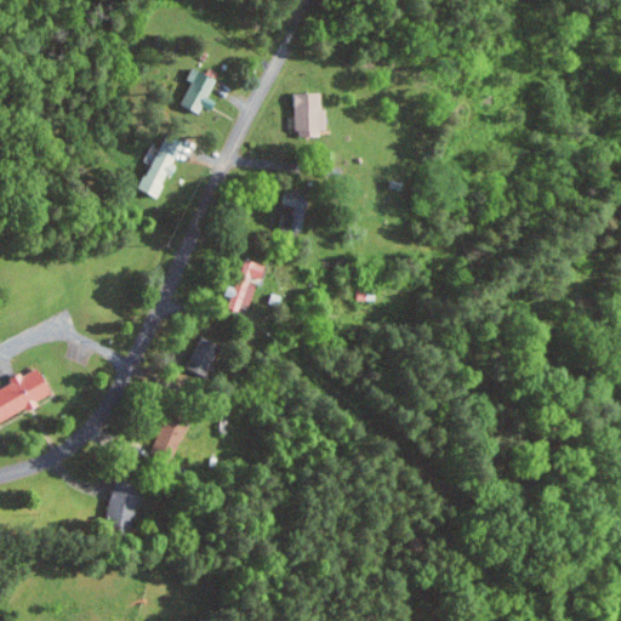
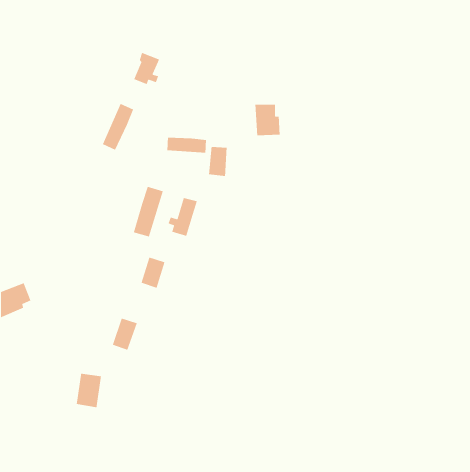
building: [291,93,325,136] -> [255,104,280,136]
building: none -> [167,137,207,153]
building: none -> [133,186,164,238]

